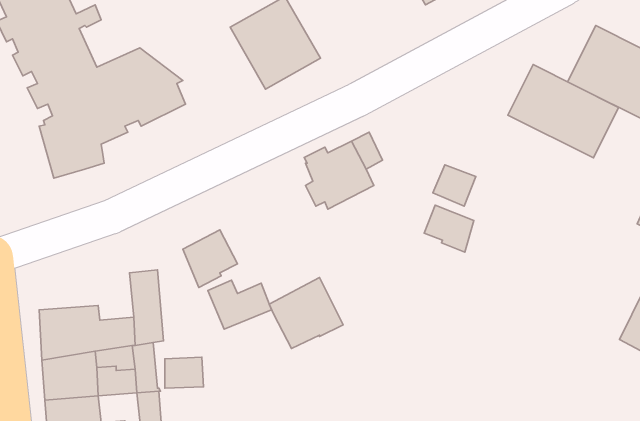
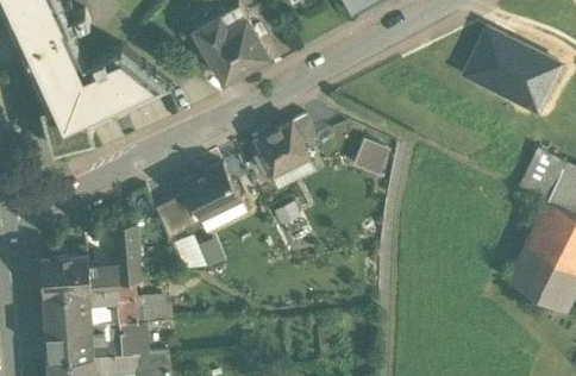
building: [508,65,619,158] -> none
building: [424,205,474,252] -> none
building: [269,277,343,348] -> [182,164,242,221]

